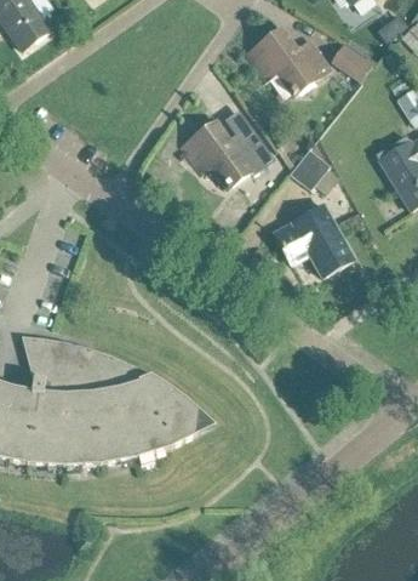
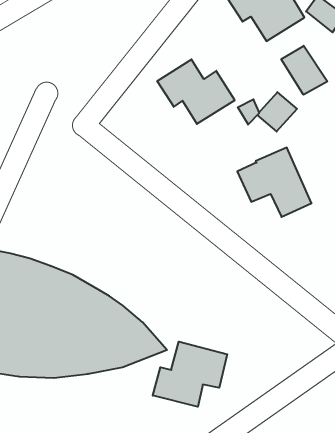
building: none -> [281,46,327,95]
building: none -> [153,342,227,407]

